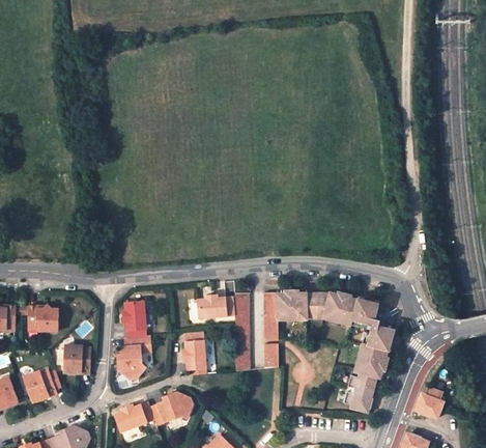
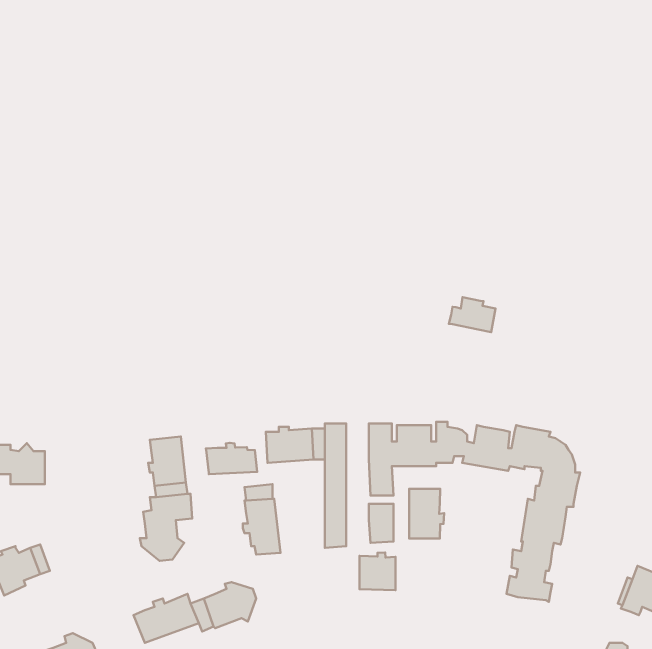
building: none -> [449,297,495,332]
building: none -> [206,443,257,474]
building: none -> [409,489,444,539]
building: [63,345,90,372] -> none
building: none -> [359,552,396,590]

